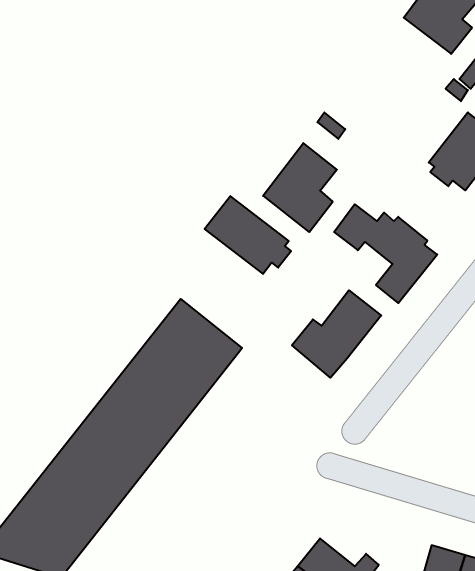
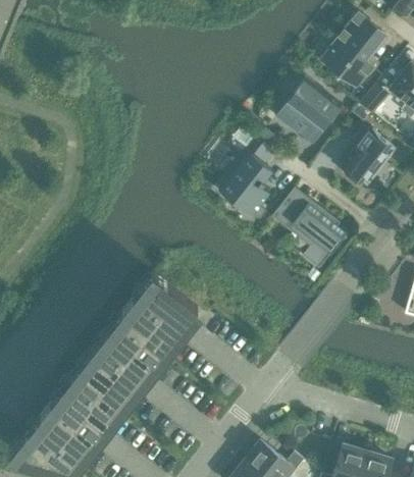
building: none -> [279,78,343,142]
building: [205,196,291,274] -> none
building: [292,290,381,378] -> none

